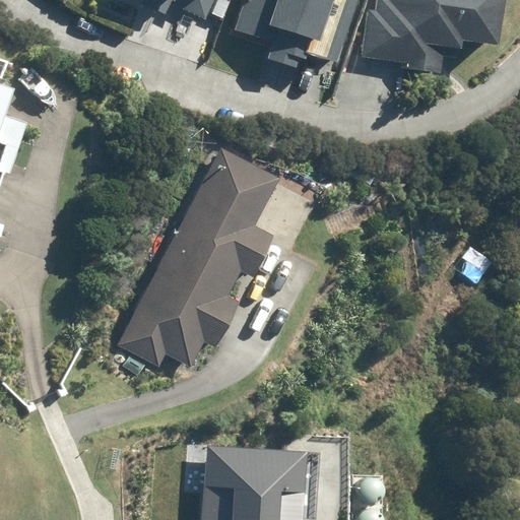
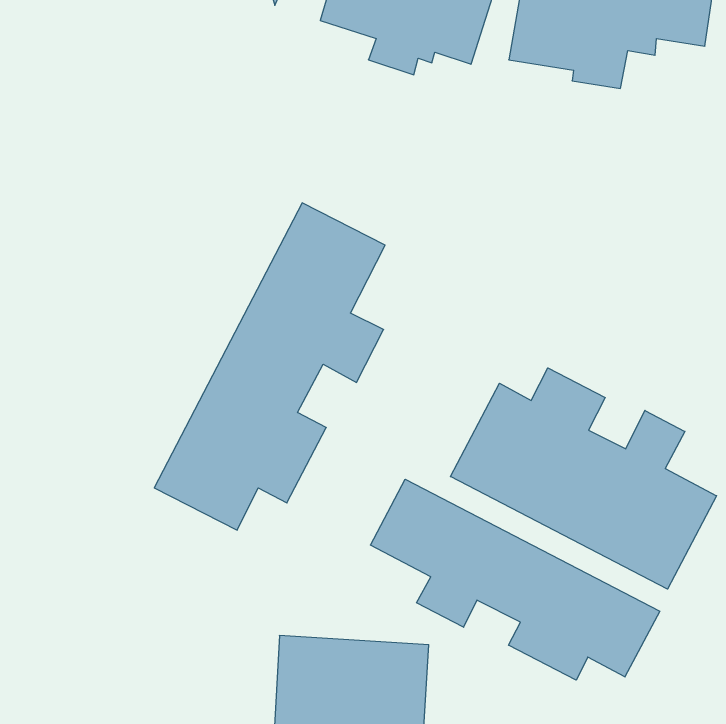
building: none -> [450,368,717,589]
building: none -> [370,479,660,680]

